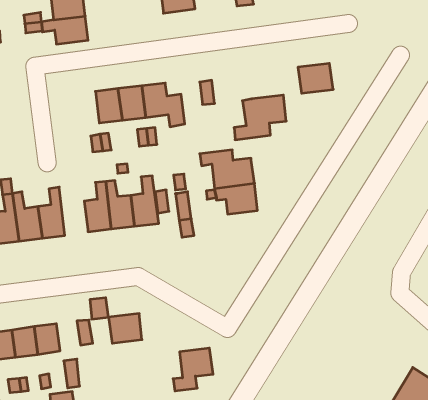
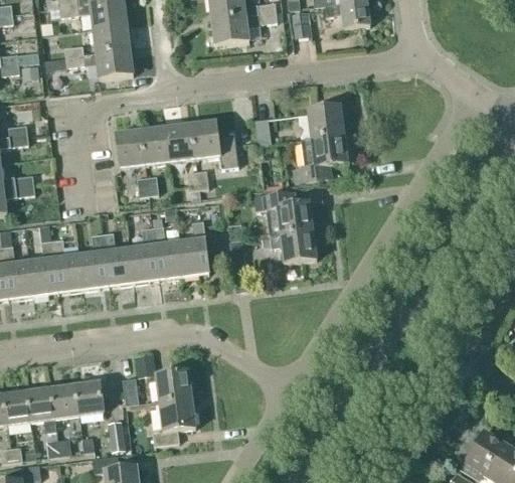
building: [298,63,333,93] -> [306,106,344,138]
building: none -> [115,130,145,168]
building: none -> [102,232,133,286]
building: [173,348,213,391] -> [152,398,195,445]

